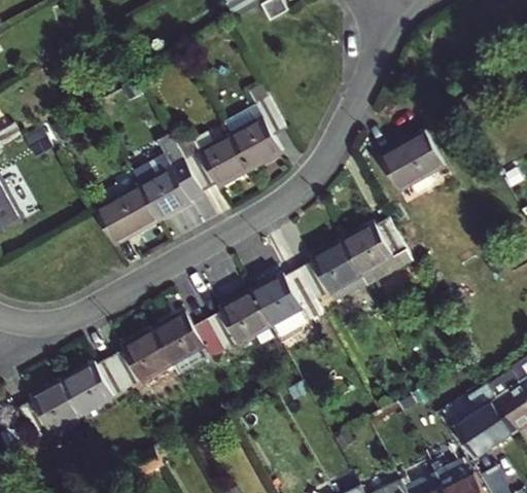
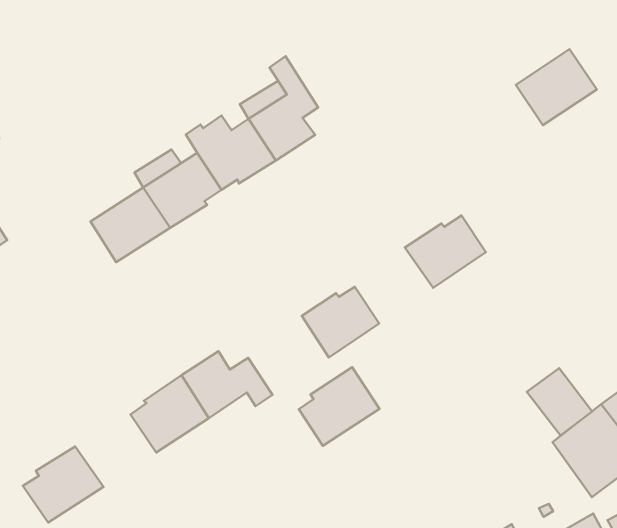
building: [375,130,440,189] -> [516,49,597,125]
building: [300,243,362,303] -> none
building: [210,292,275,354] -> [299,367,379,446]
building: none -> [527,368,592,435]
building: [66,362,131,419] -> none

